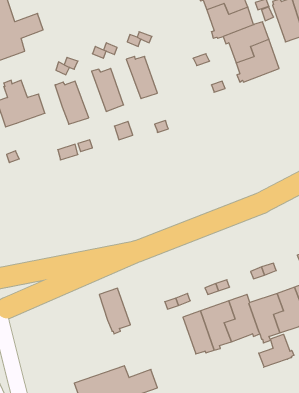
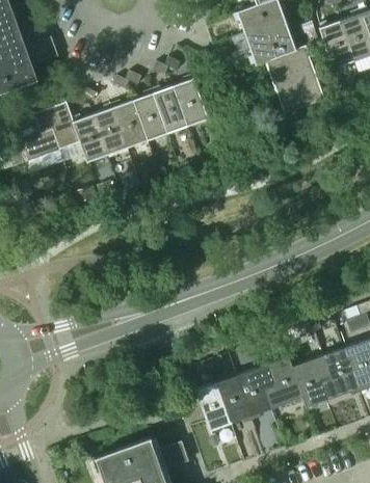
building: none -> [174,75,210,128]
building: none -> [135,89,169,141]
building: none -> [33,98,80,151]
building: none -> [95,103,130,156]
building: [99,288,130,334] -> [196,382,232,434]
building: [259,334,294,367] -> none

